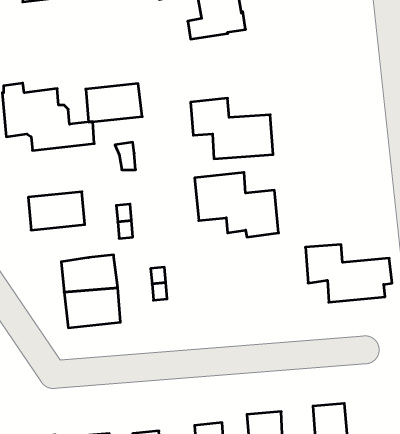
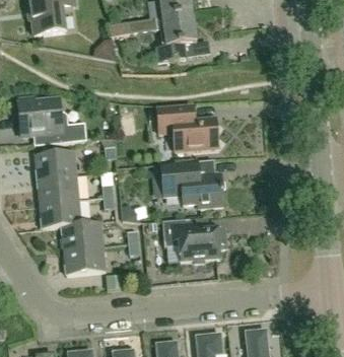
building: [86,84,142,122] -> [35,149,76,177]
building: none -> [39,198,81,227]
building: [305,245,392,302] -> [161,217,225,260]

